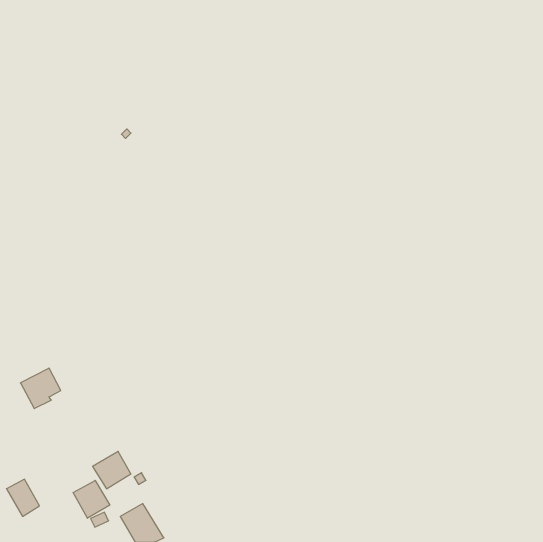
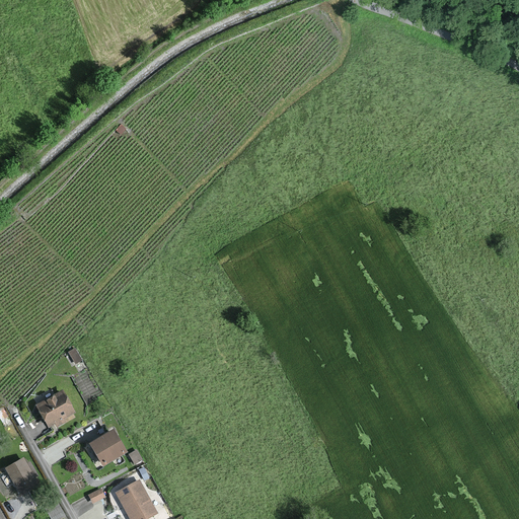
building: [20,368,61,409] -> [35,391,74,430]
building: [73,480,110,518] -> none

